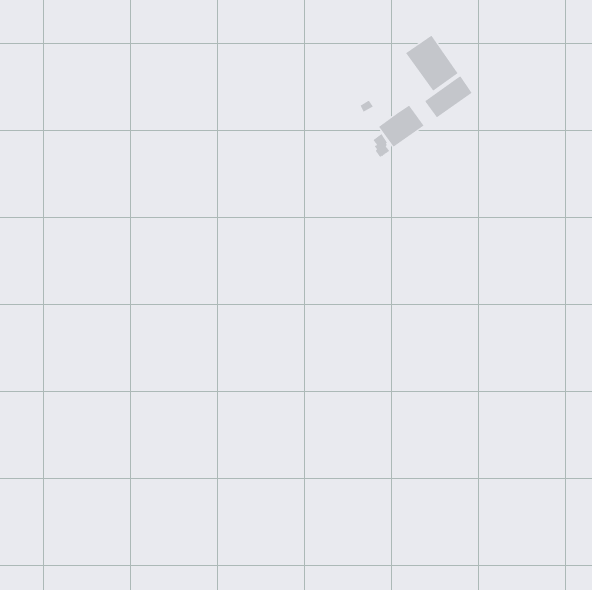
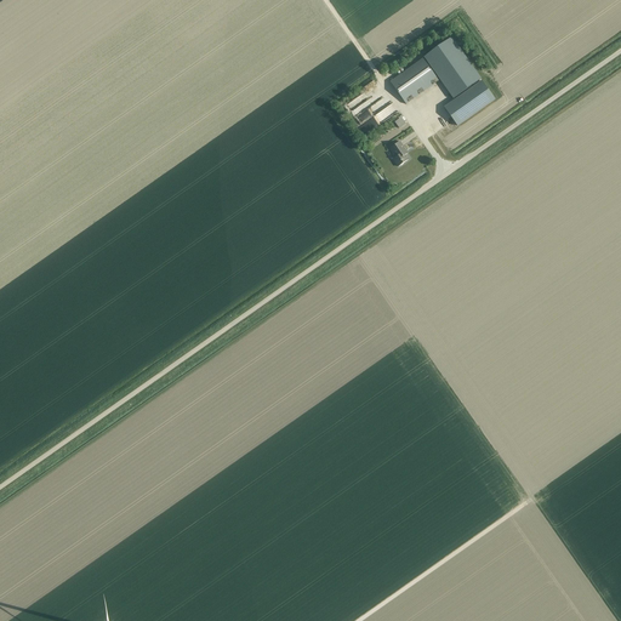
building: [378,105,425,148] -> [389,57,438,102]

